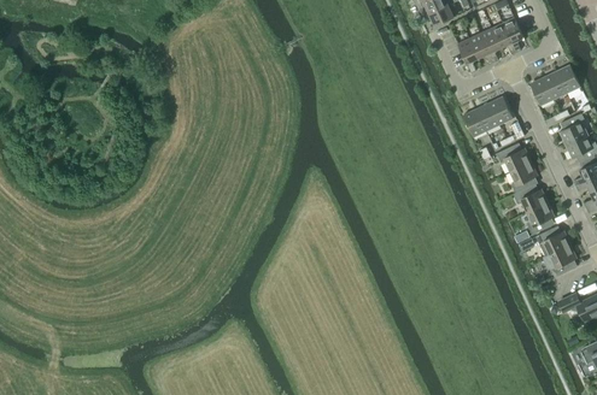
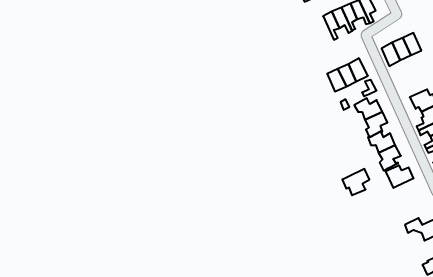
building: [560,112,587,143] -> none
building: [543,243,576,276] -> [342,169,369,195]

